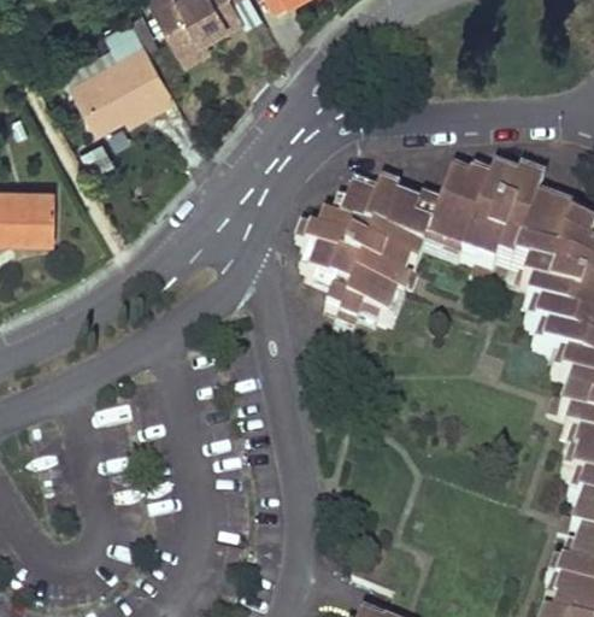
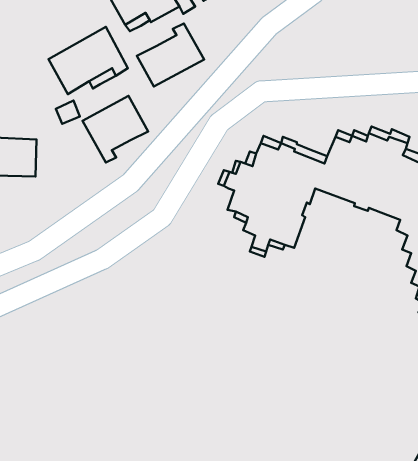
building: none -> [137,23,204,87]
building: none -> [82,96,148,162]

